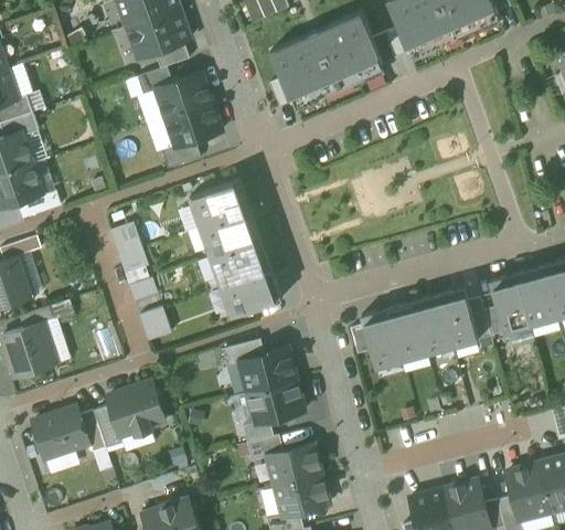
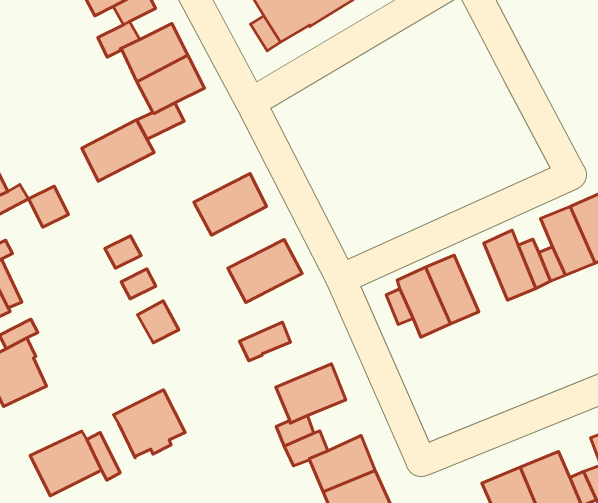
building: [189,180,249,227] -> [82,120,154,181]
building: [109,223,141,256] -> [29,186,69,227]
building: [210,240,270,287] -> none
building: [412,296,451,353] -> none
building: [238,348,296,393] -> none
building: [93,405,121,448] -> none

